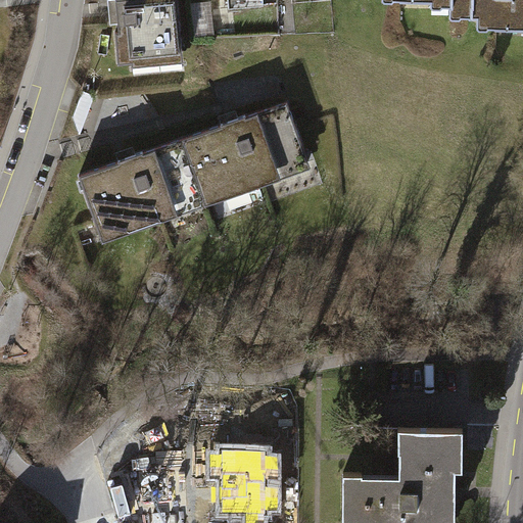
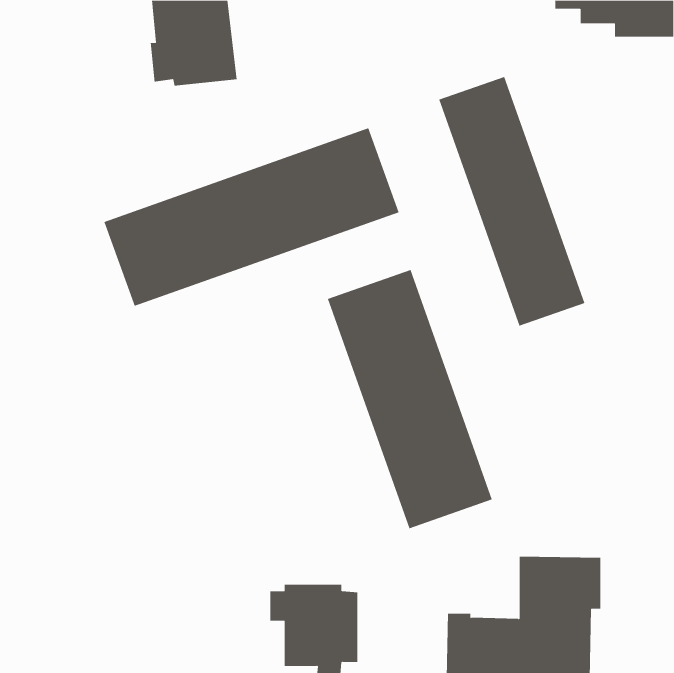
building: none -> [438,76,585,327]
building: none -> [327,269,493,529]

